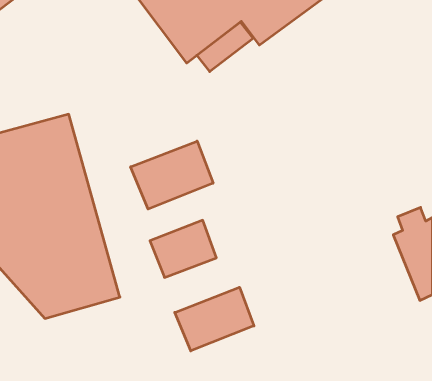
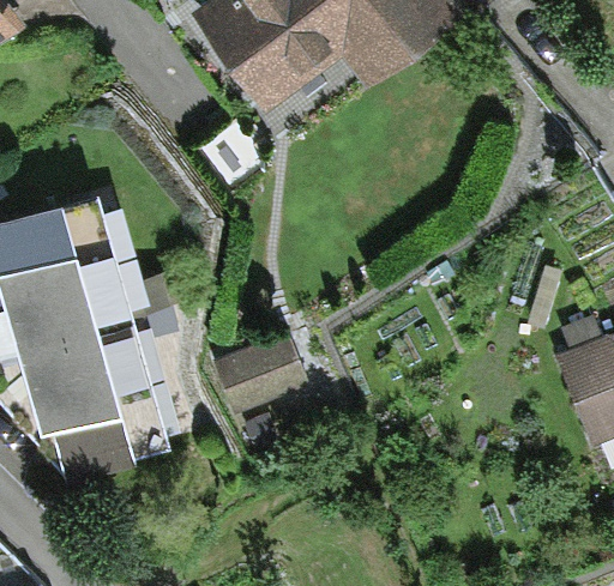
building: [131,141,213,209] -> none
building: [175,287,254,351] -> none

